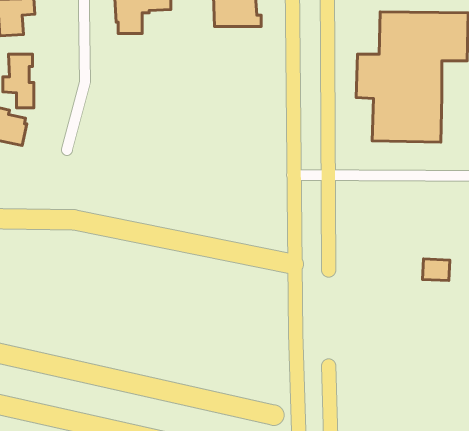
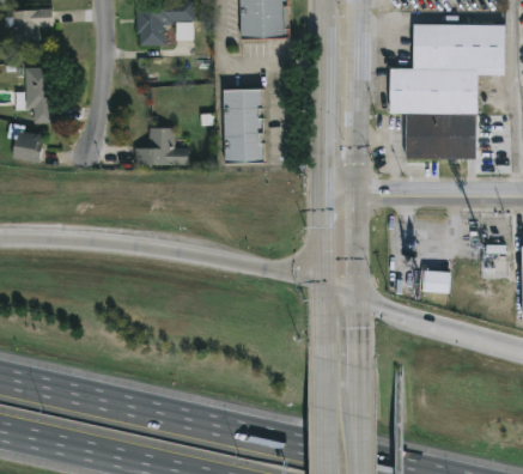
building: none -> [223,87,264,163]
building: none -> [134,127,189,165]
building: [422,259,450,281] -> [422,271,451,293]

